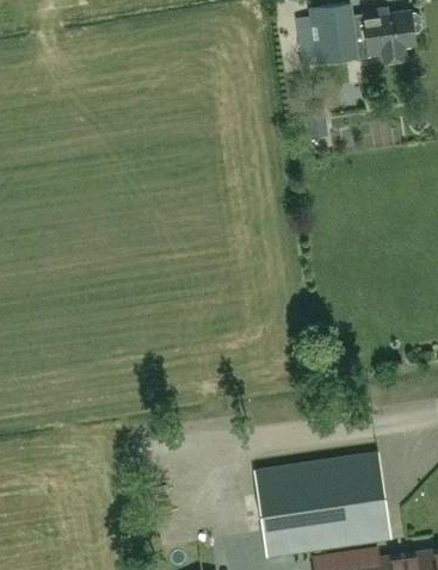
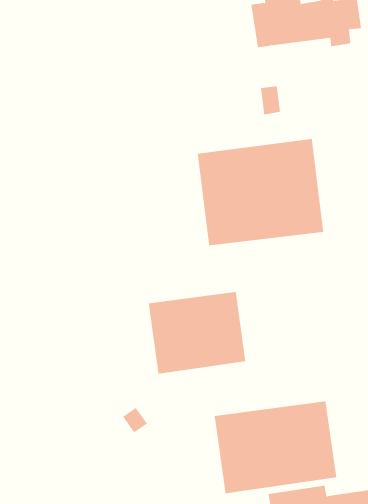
building: none -> [197,138,324,246]
building: none -> [148,291,246,374]

